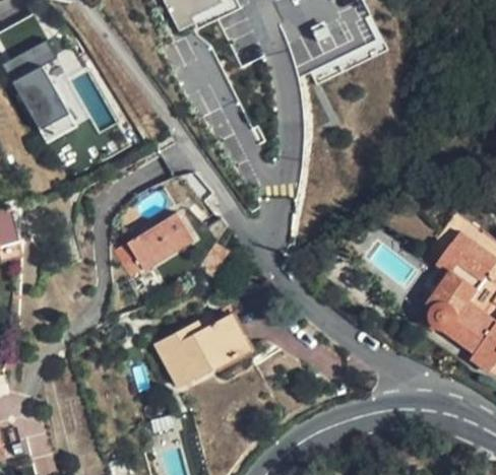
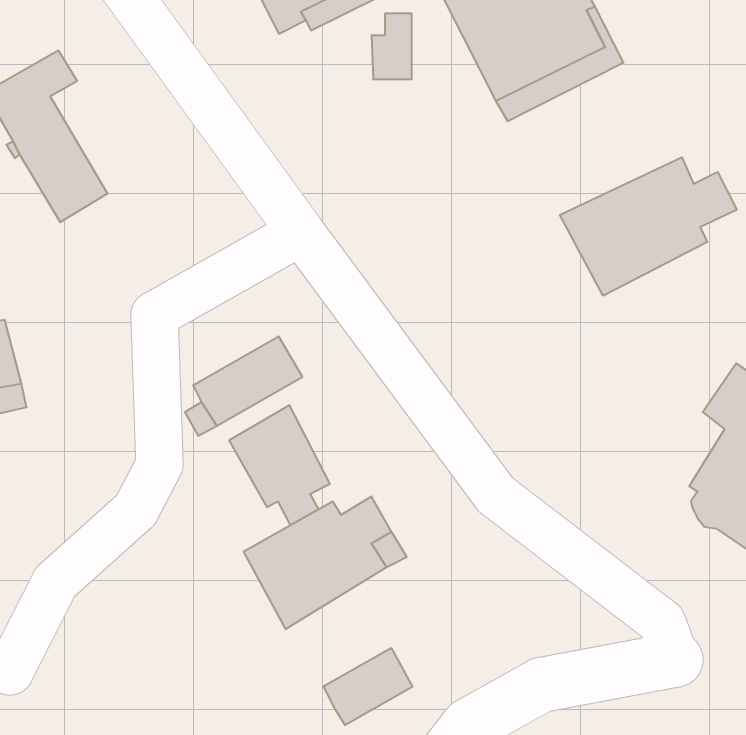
building: none -> [560,157,737,296]
building: none -> [229,405,330,525]
building: none -> [324,648,413,725]

